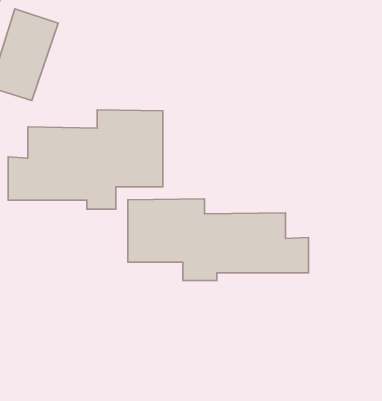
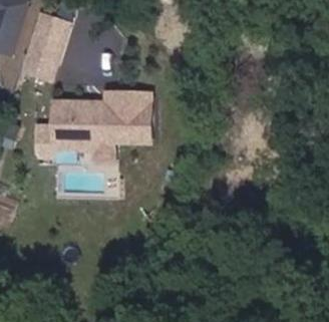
building: [128,199,309,280] -> none

